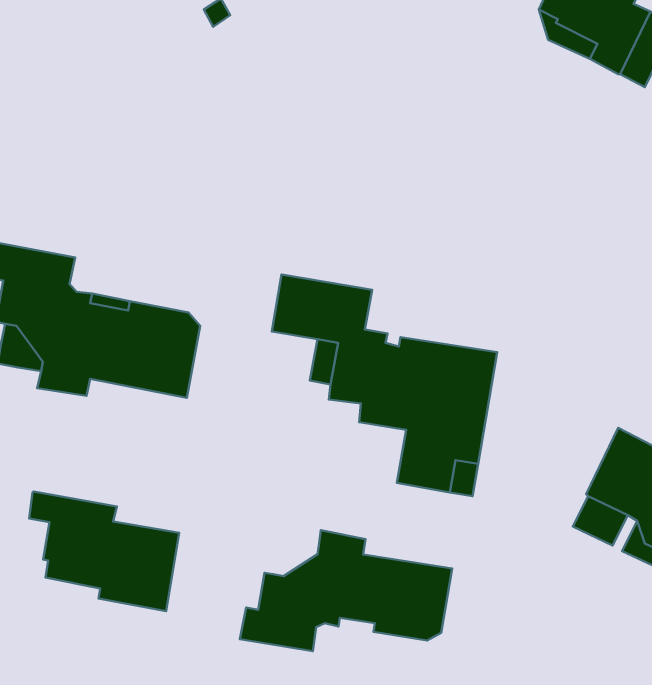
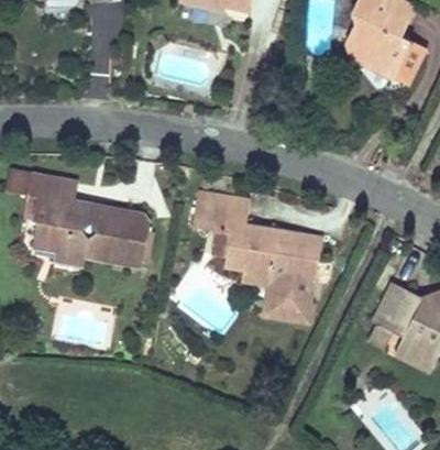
building: [29,491,179,611] -> none
building: [240,530,452,651] -> none

